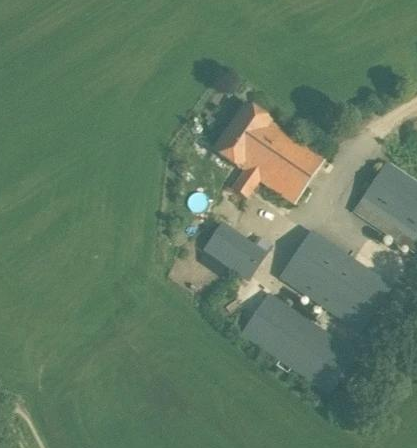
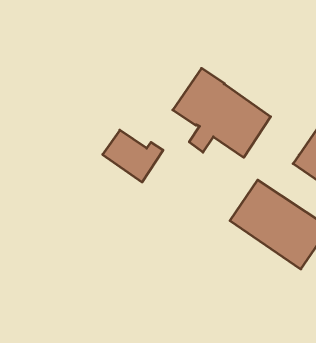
building: [202,221,272,281] -> [103,130,163,182]
building: [239,291,357,394] -> none

